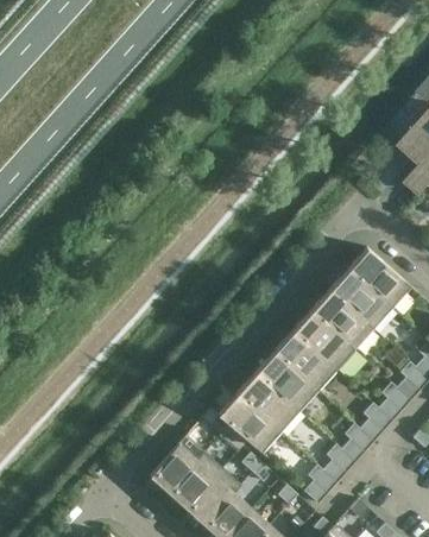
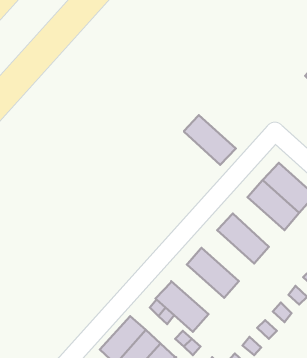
building: [310,291,373,352] -> [184,115,236,165]
building: [272,331,336,393] -> none
building: [235,373,299,434] -> none

